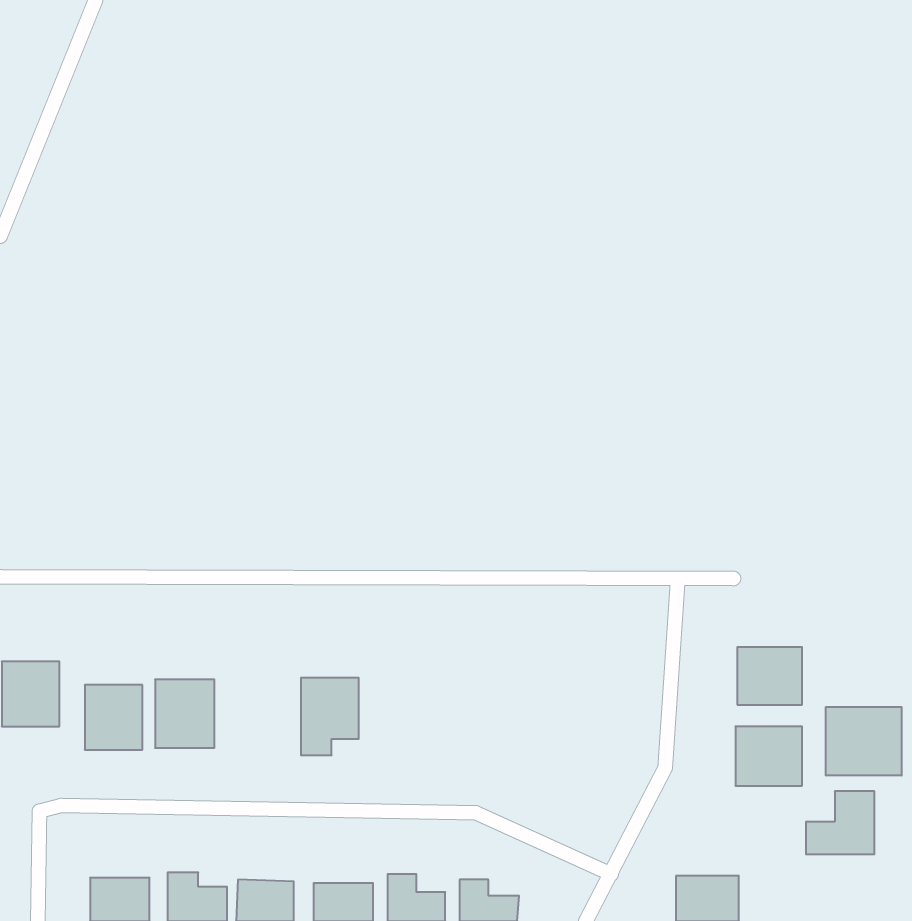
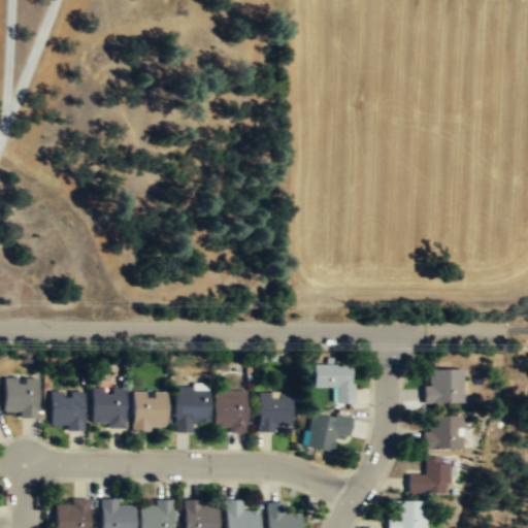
building: none -> [317,364,356,402]
building: none -> [216,390,249,430]
building: none -> [135,393,169,430]
building: none -> [260,394,294,431]
building: [826,707,902,776] -> none
building: none -> [307,411,354,450]
building: [806,791,874,854] -> [410,458,450,494]

